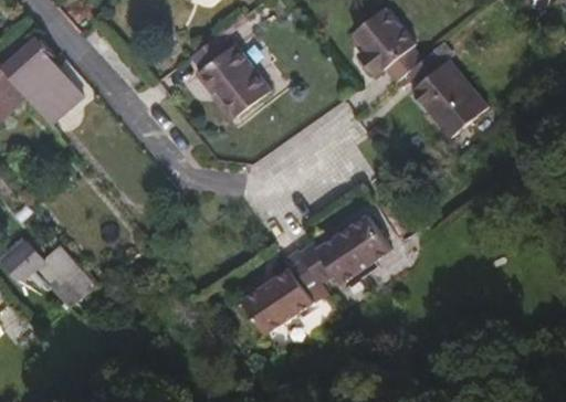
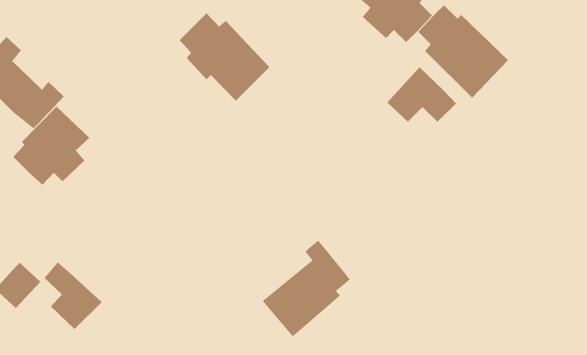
building: none -> [387,66,457,123]
building: none -> [12,106,90,186]
building: [300,213,390,284] -> none

